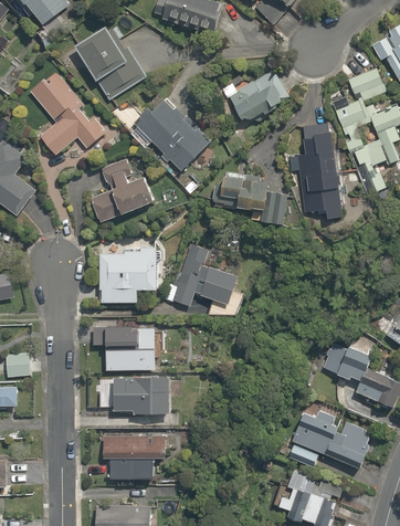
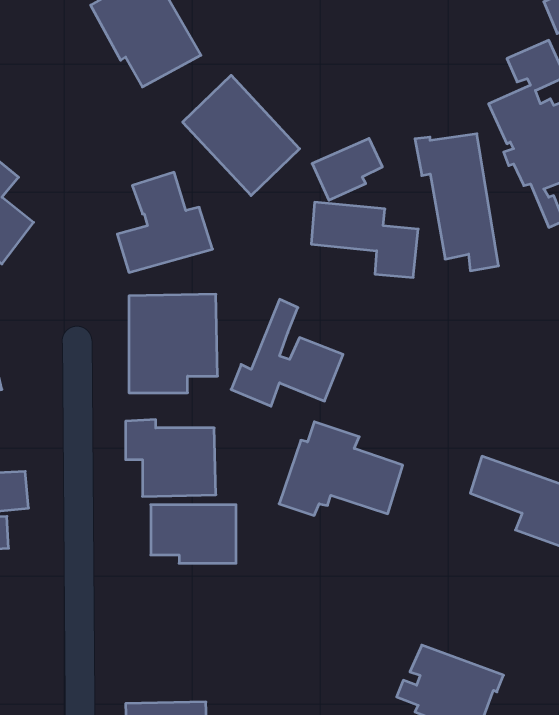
building: [29,70,109,158] -> none
building: [231,81,277,122] -> [312,138,382,200]
building: [291,399,372,461] -> [279,422,403,515]
building: [101,435,165,480] -> none

